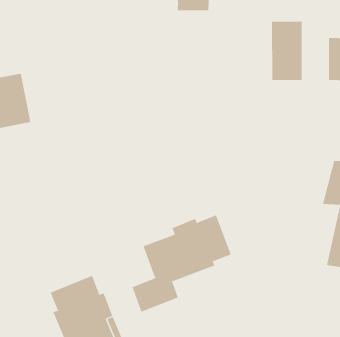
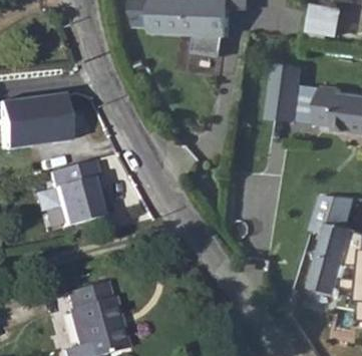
building: none -> [47,163,98,226]
building: [132,214,232,313] -> none

